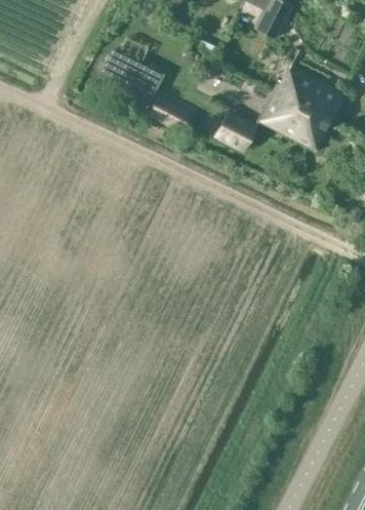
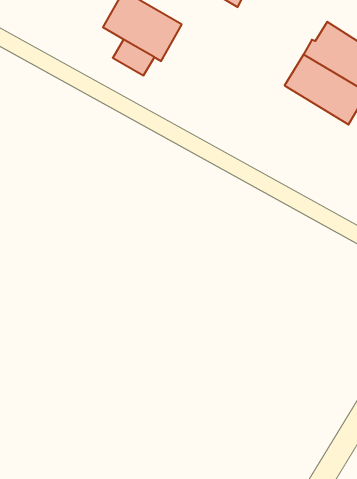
building: [147,96,182,126] -> [113,40,154,75]
building: [216,109,255,148] -> none

